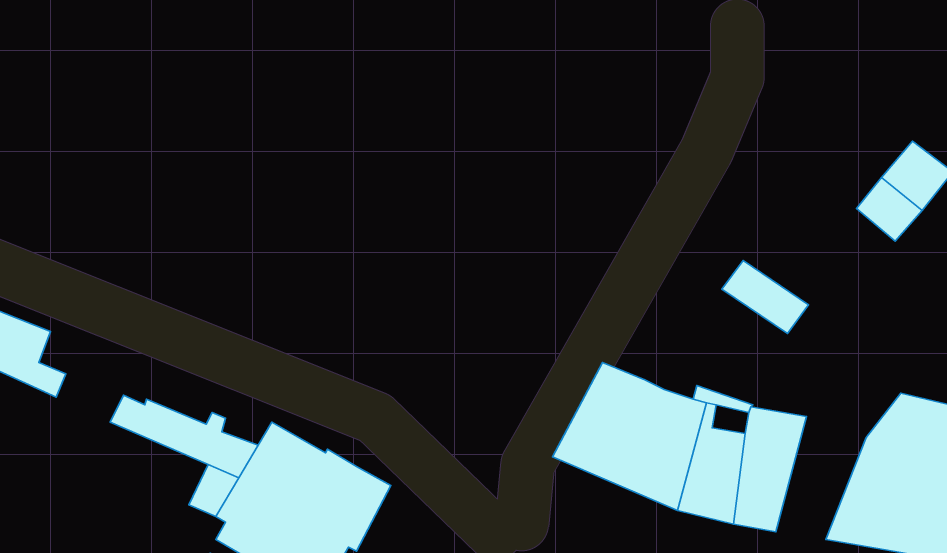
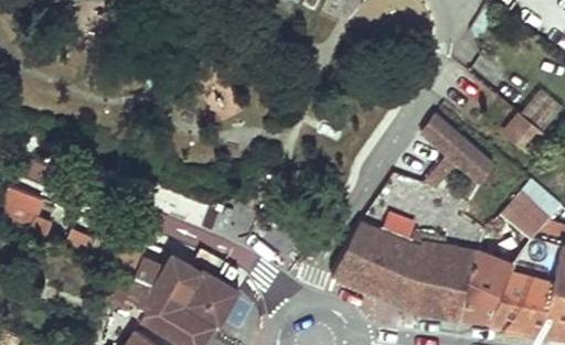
building: none -> [422,112,497,185]
building: none -> [502,182,550,239]
building: none -> [461,252,513,323]

